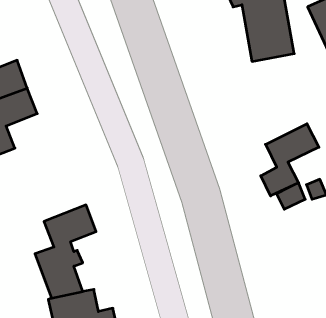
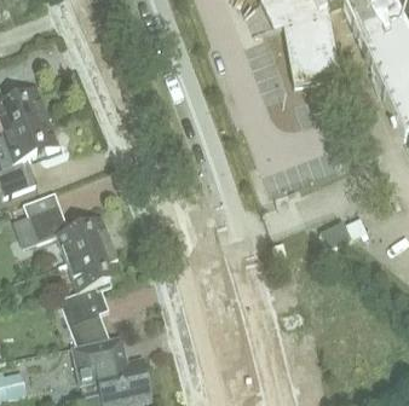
building: [261,124,319,196] -> none
building: none -> [25,203,111,262]

